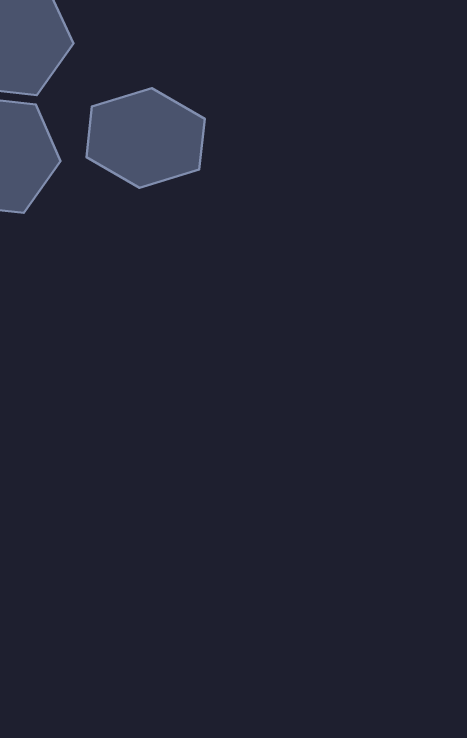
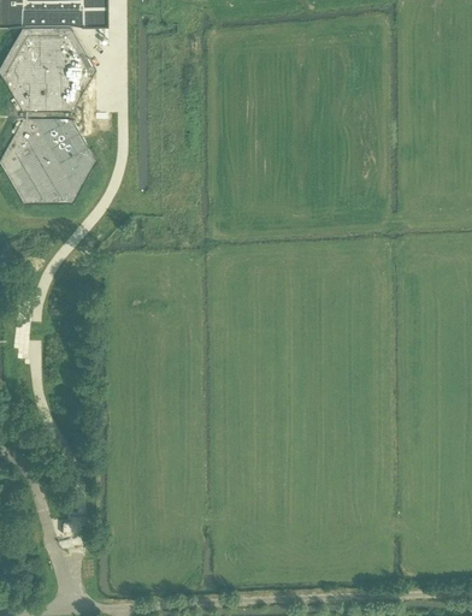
building: [86,88,205,188] -> none

